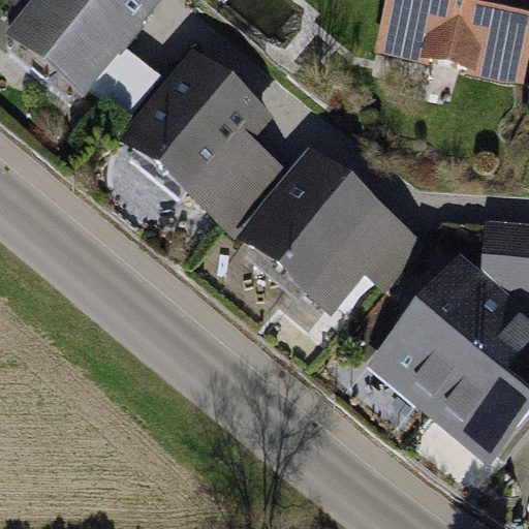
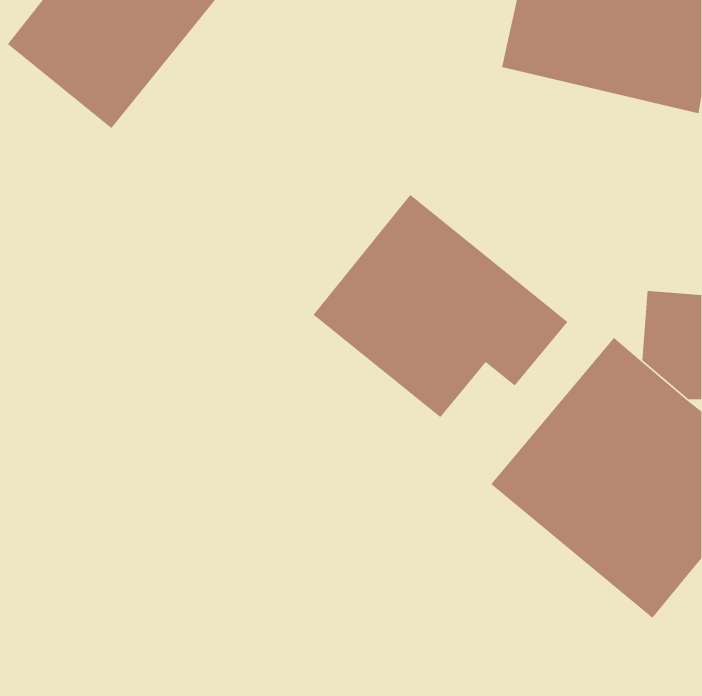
building: [118,46,286,231] -> none

